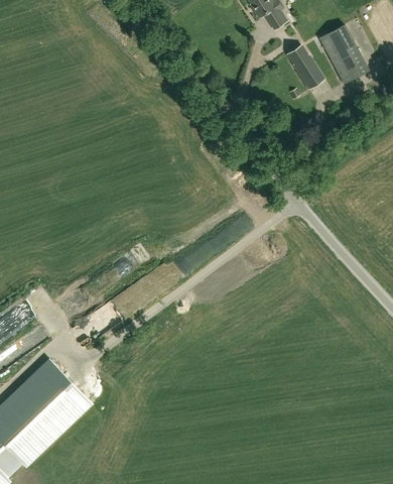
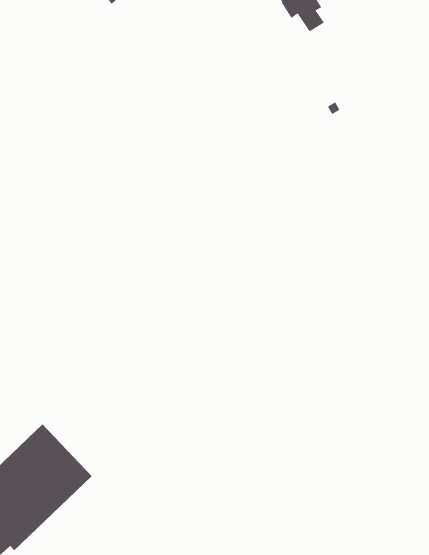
building: [319,24,369,84] -> none
building: [294,54,324,89] -> none

